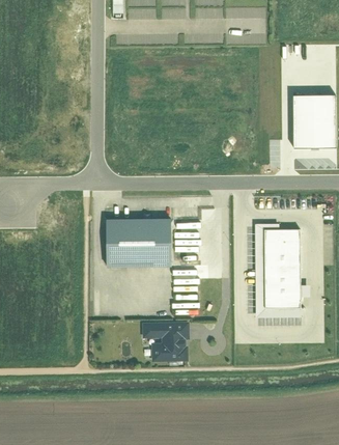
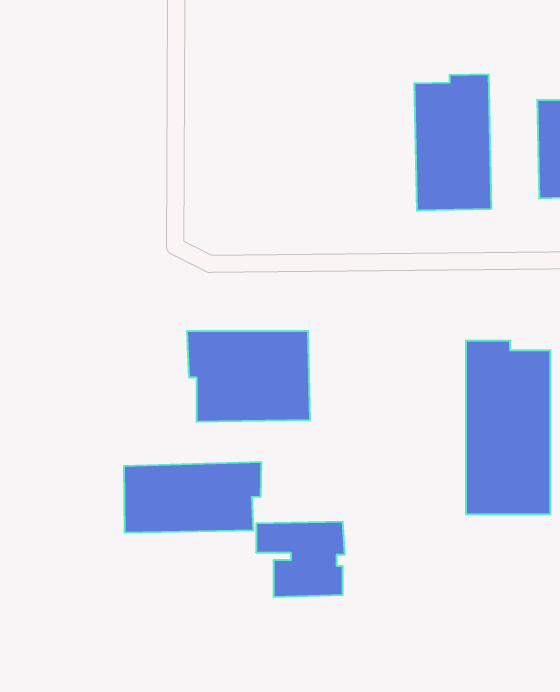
building: none -> [415,74,491,211]
building: none -> [124,462,261,533]

